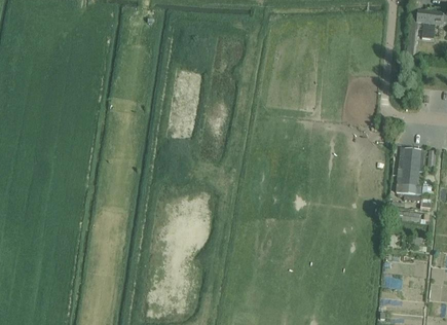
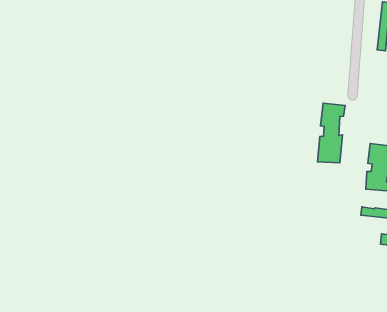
building: none -> [318,103,345,163]

